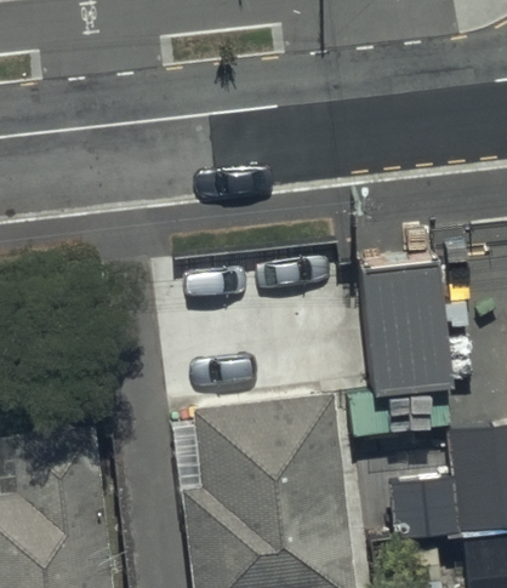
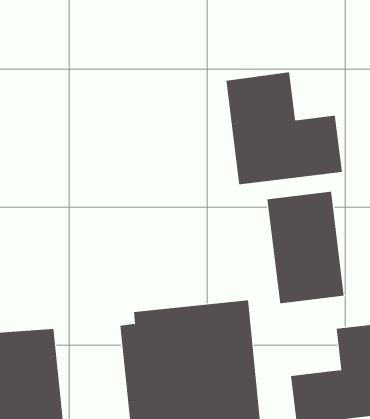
building: none -> [226,71,342,185]

